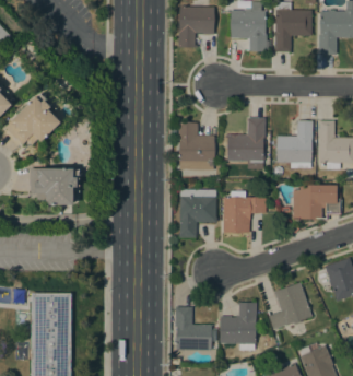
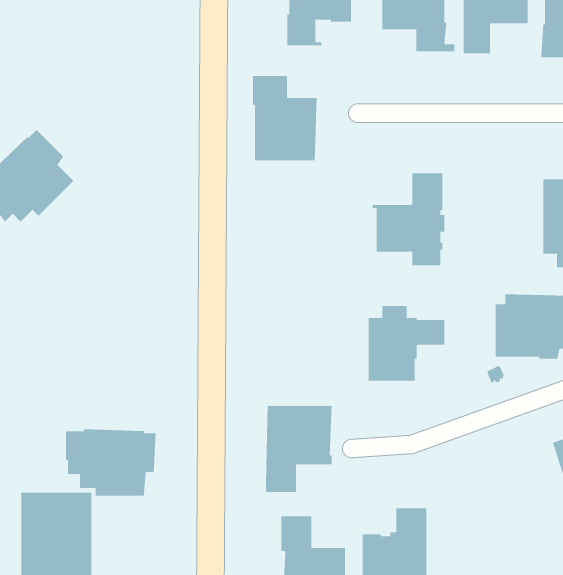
building: [276,120,313,167] -> none
building: [178,122,214,169] -> [252,76,318,161]
building: [30,167,80,204] -> [65,429,156,496]
building: [179,189,216,237] -> [265,405,332,493]
building: [269,282,311,329] -> none

